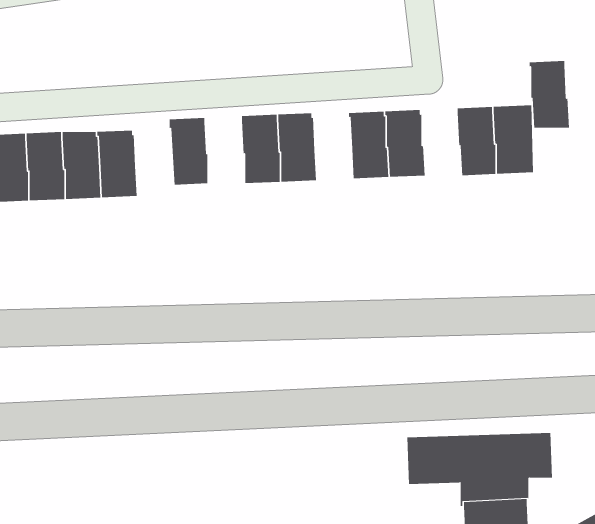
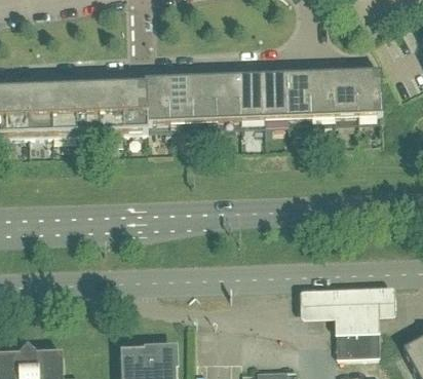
building: [529,60,570,128] -> [308,71,335,115]
building: none -> [237,74,264,118]
building: none -> [167,76,193,120]
building: none -> [120,84,148,128]

